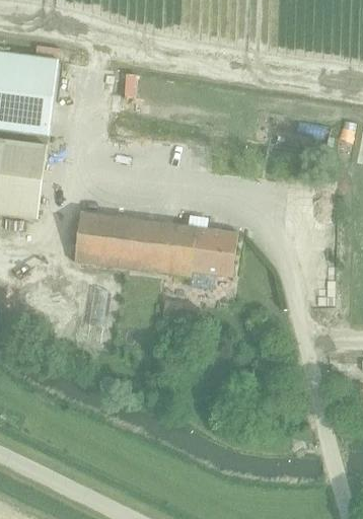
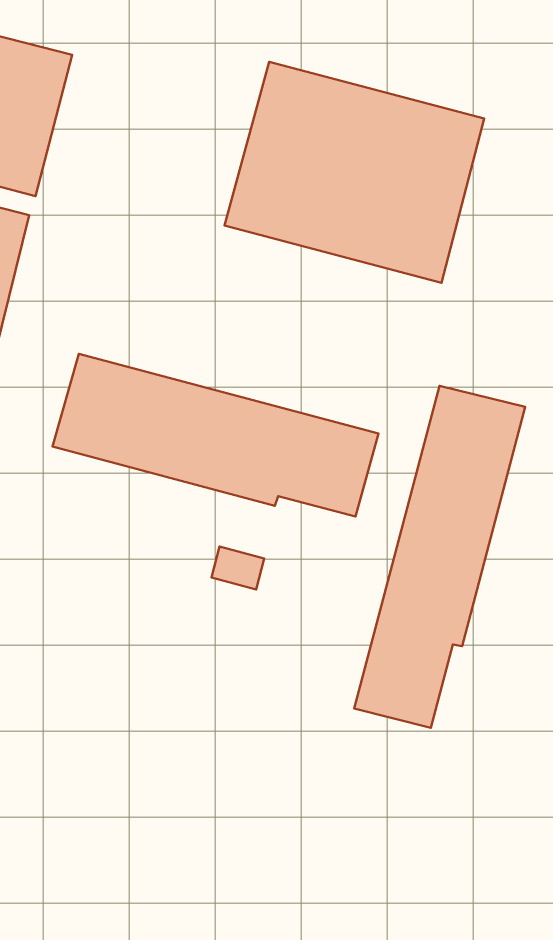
building: none -> [224,62,484,283]
building: none -> [354,386,525,728]

